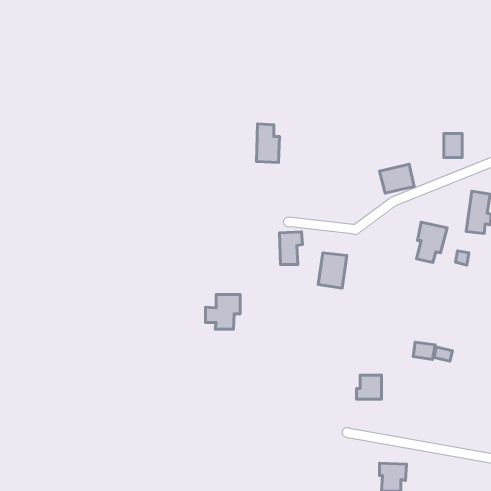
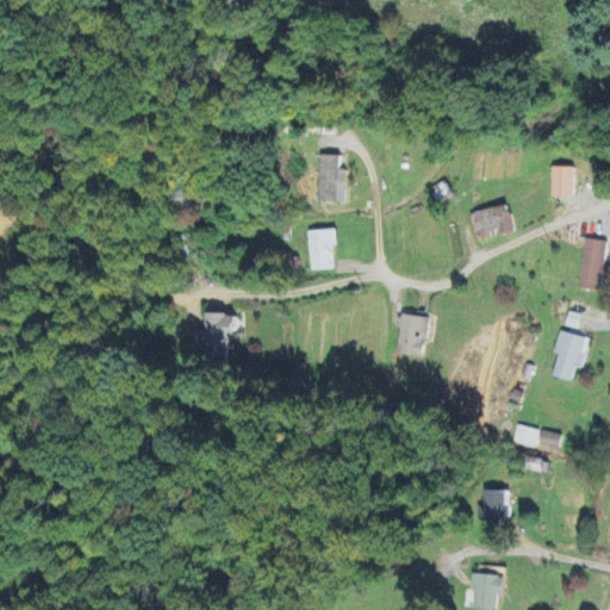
building: [416,222,447,263] -> [552,330,590,380]
building: [279,232,303,265] -> [307,229,336,269]
building: [205,295,240,329] -> [193,313,236,356]
building: [356,375,381,399] -> [478,490,509,519]

